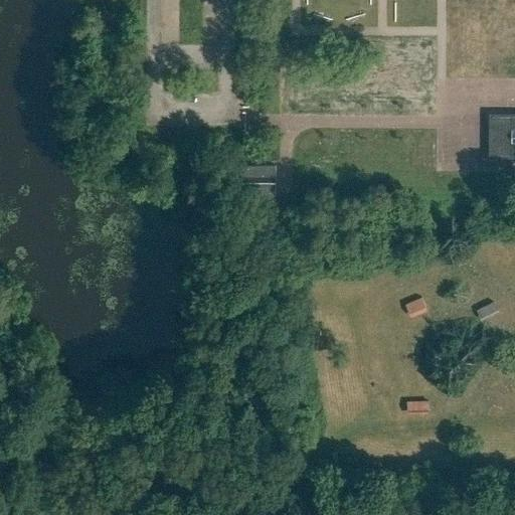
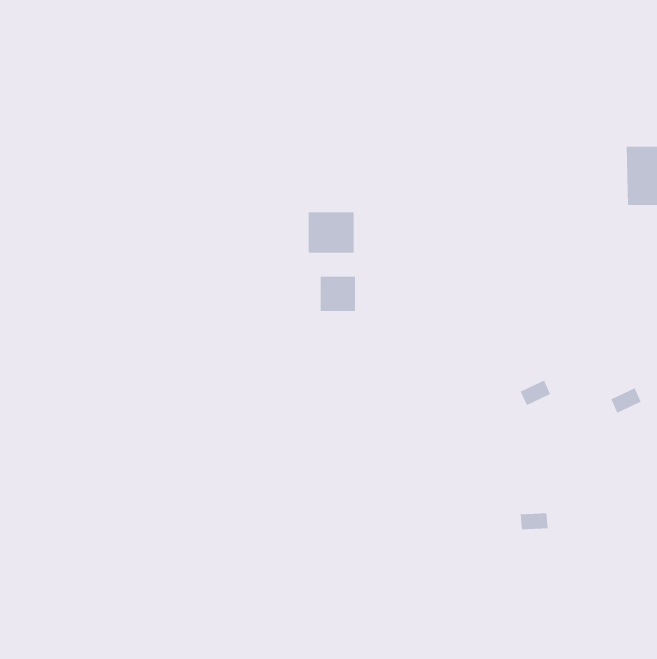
building: none -> [320,276,356,312]

